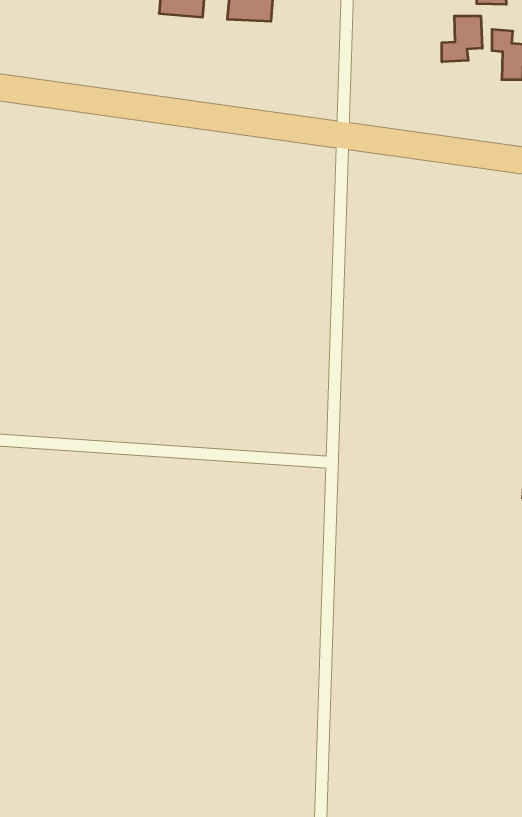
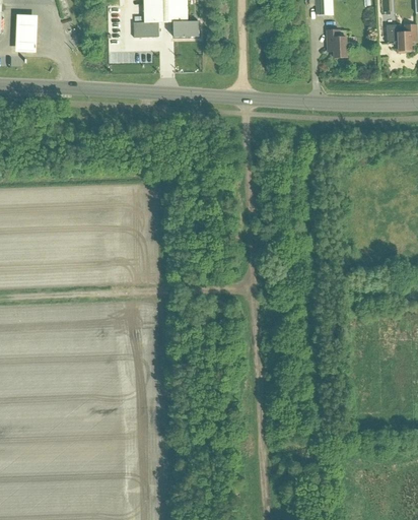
building: [442,16,482,62] -> none

